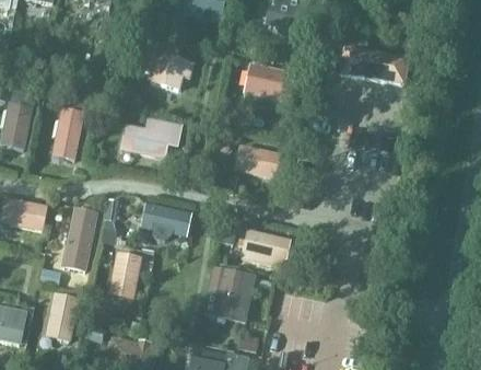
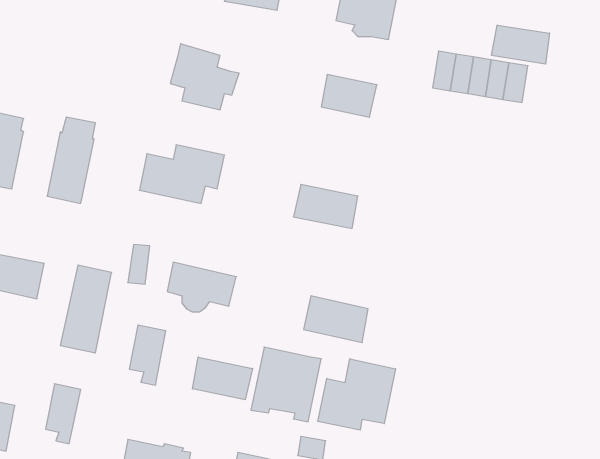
building: none -> [492,25,550,64]
building: none -> [192,357,253,400]
building: none -> [318,359,396,430]

